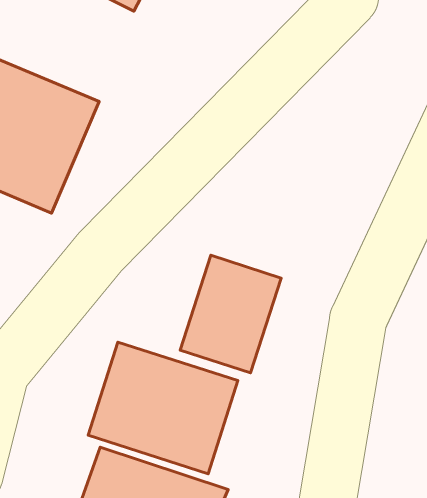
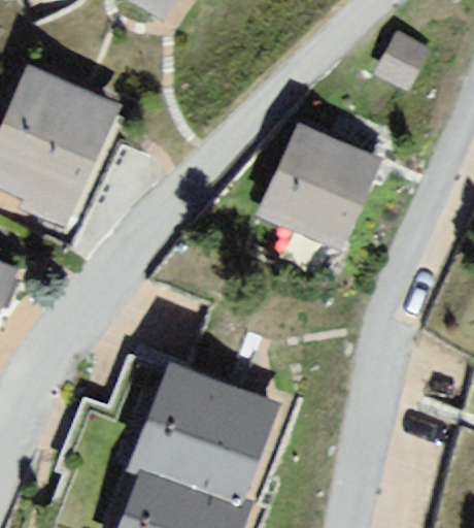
building: none -> [261,130,385,248]
building: [180,255,281,373] -> none

